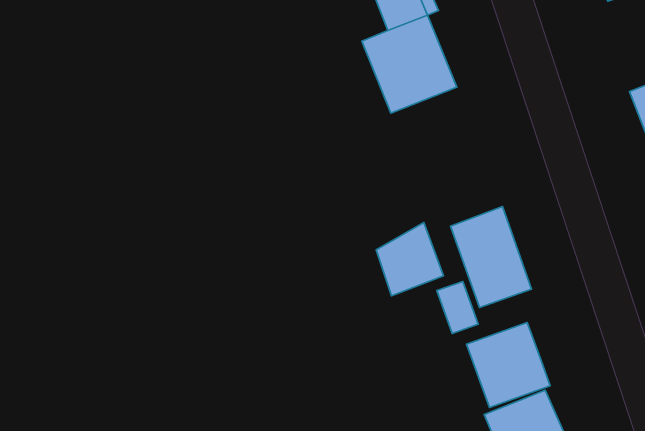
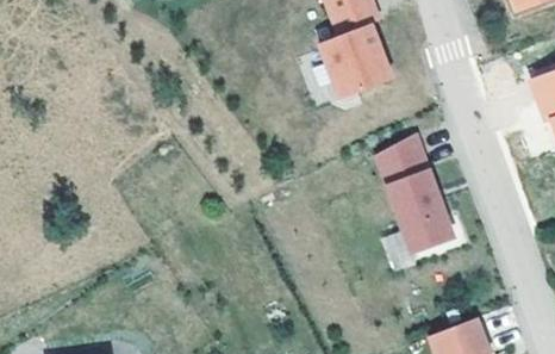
building: [376,222,444,296] -> [381,130,434,187]
building: [466,323,550,408] -> none

